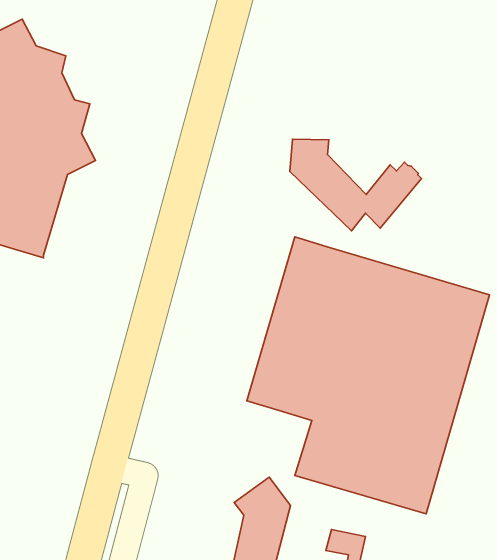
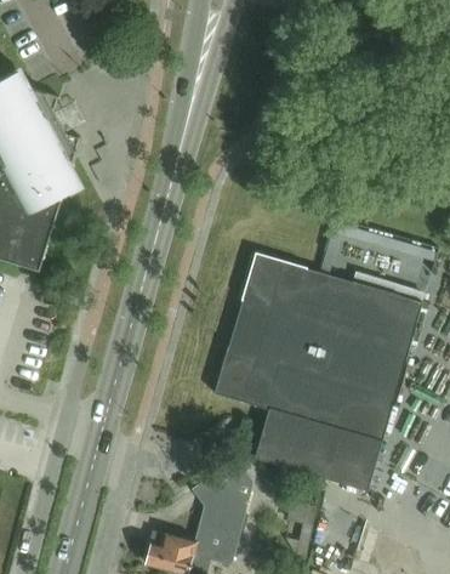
building: [290,139,421,231] -> none

